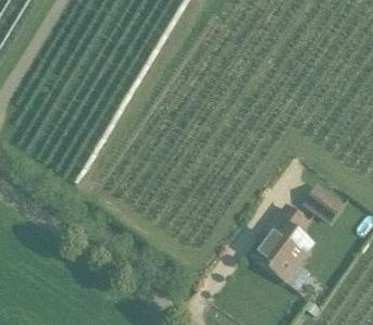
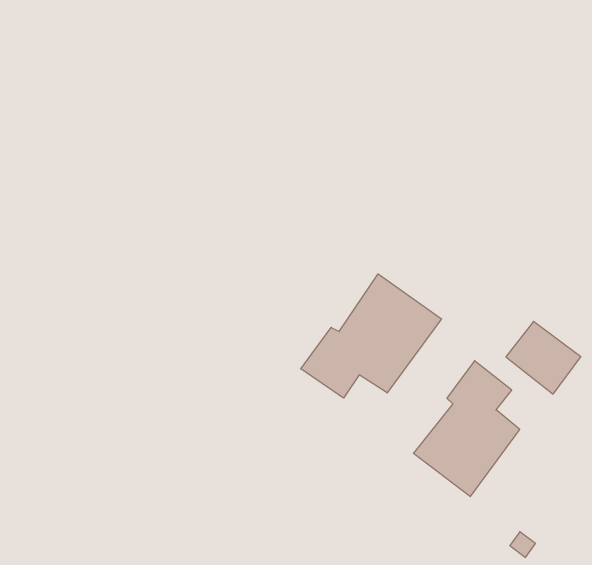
building: none -> [301,274,442,398]

